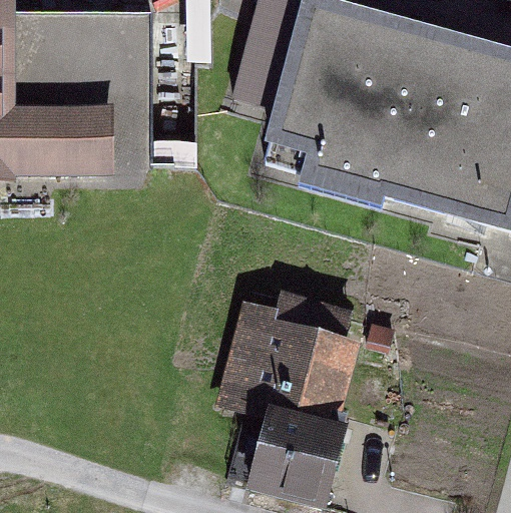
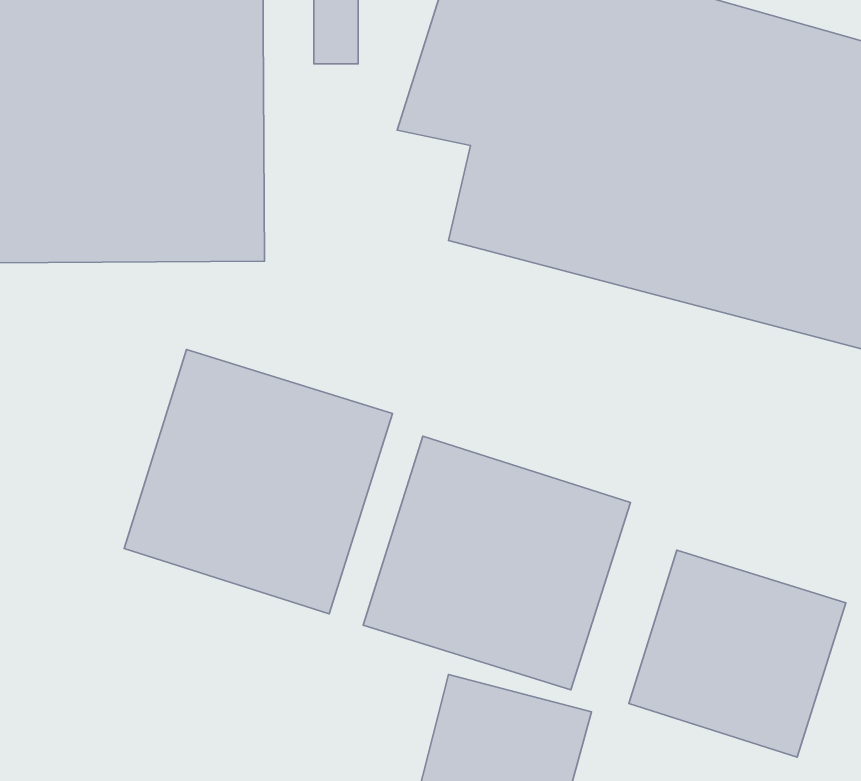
building: none -> [124,349,392,614]
building: none -> [629,550,846,757]

